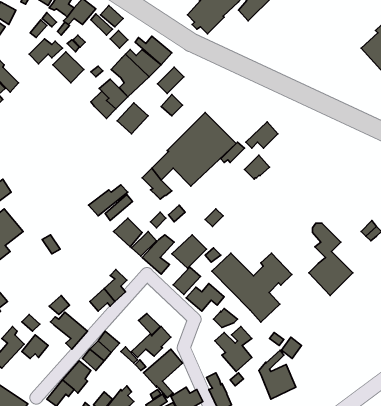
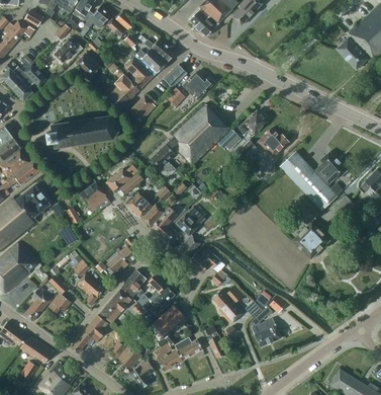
building: none -> [183,72,211,100]
building: none -> [46,116,118,148]
building: none -> [258,128,288,157]
building: none -> [79,181,110,212]
building: [212,253,292,322] -> [279,152,347,211]
building: none -> [121,269,147,298]

